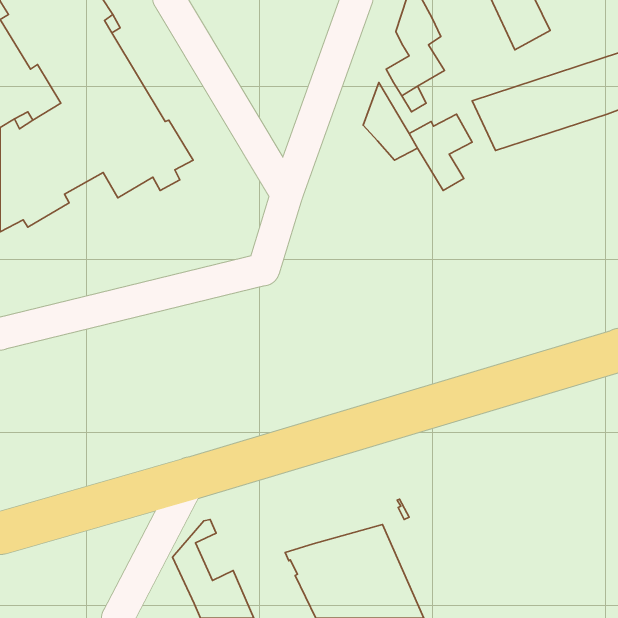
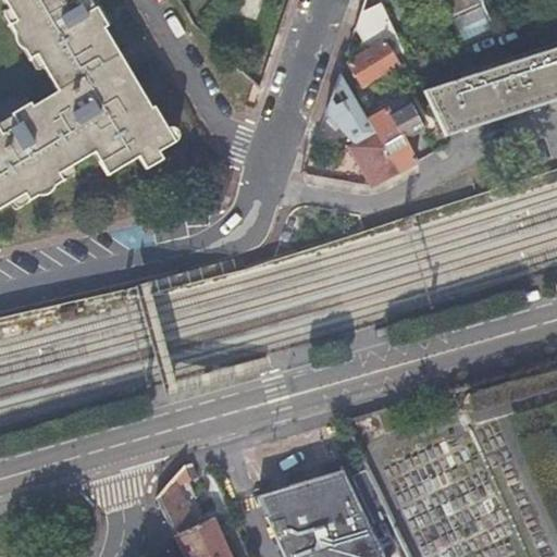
building: none -> [350,133,399,186]

